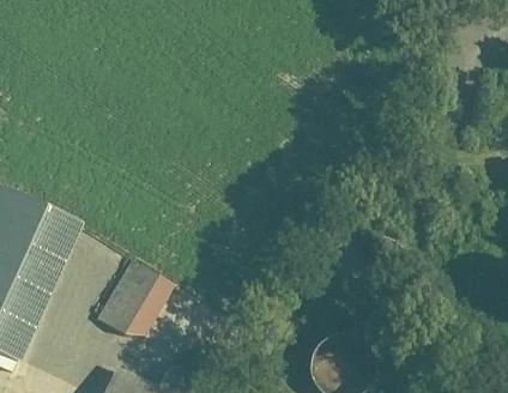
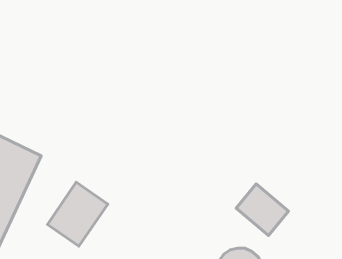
building: none -> [236,184,289,235]

